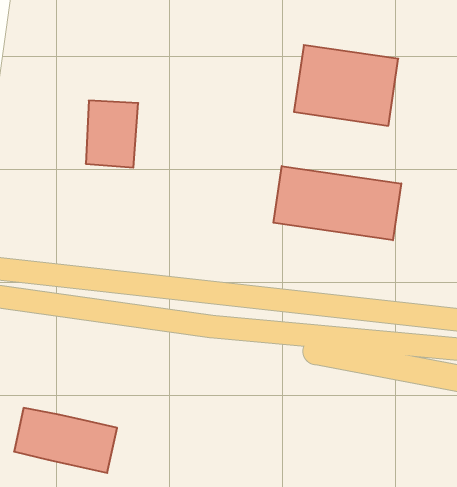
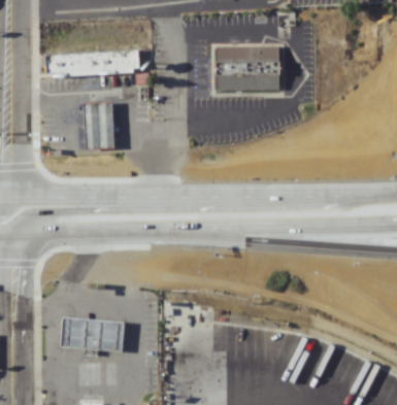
building: none -> [41,50,135,79]
building: [273,166,401,240] -> none

